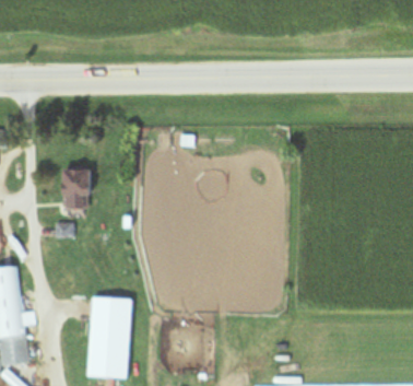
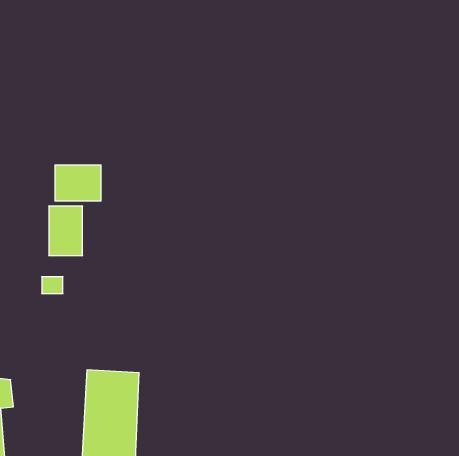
building: none -> [55,165,101,201]

